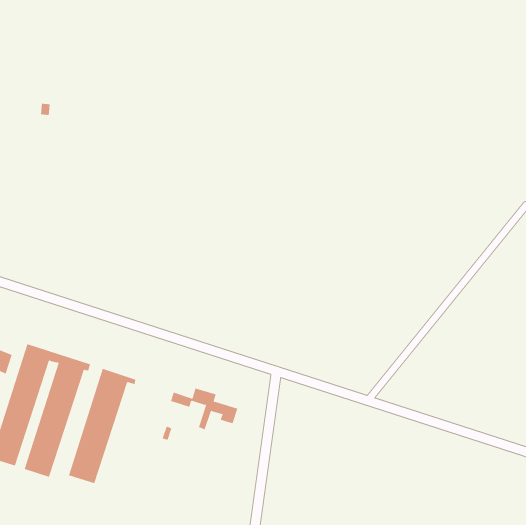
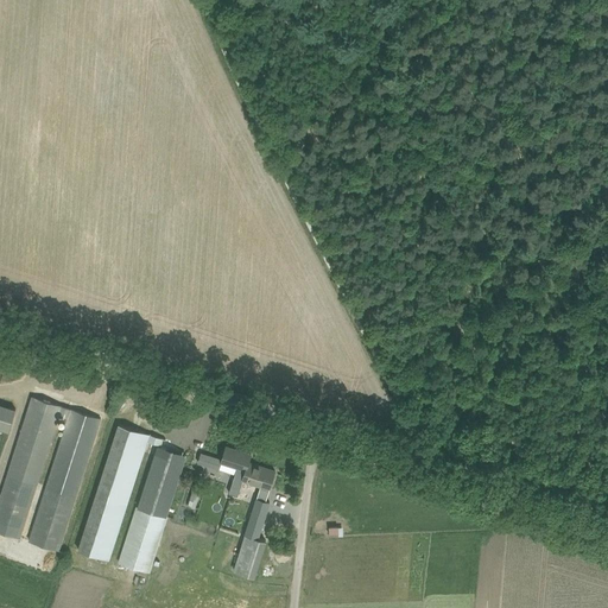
building: none -> [118,448,185,574]
building: none -> [233,488,268,578]

